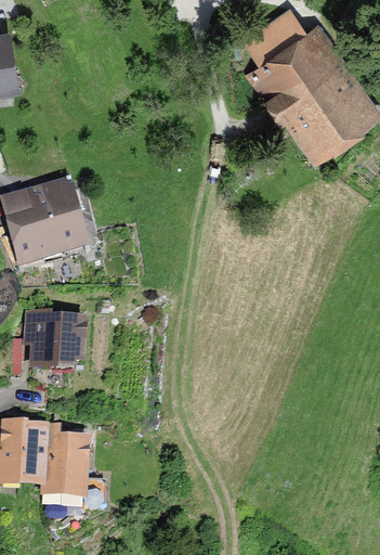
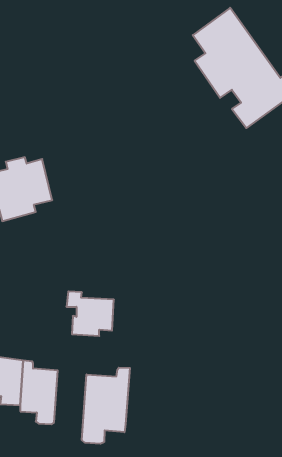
building: [27,312,83,365] -> [66,291,114,336]
building: none -> [82,368,130,444]

